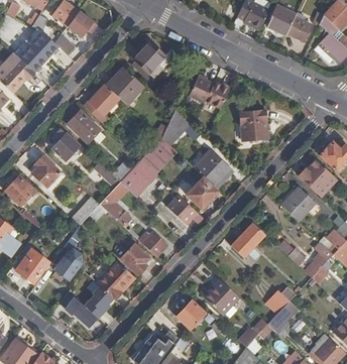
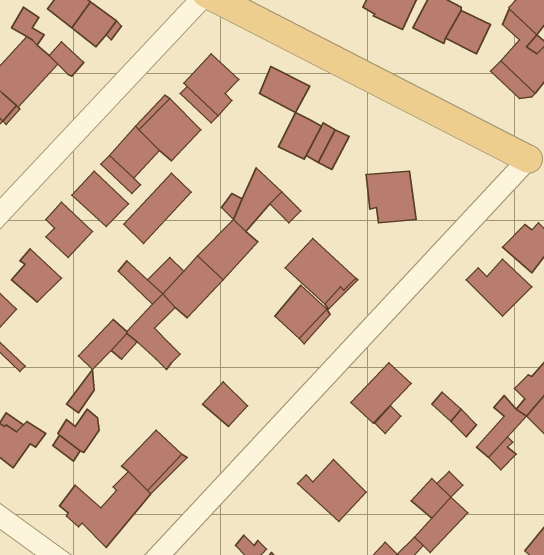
building: none -> [259,67,310,112]
building: none -> [124,173,191,243]
building: [280,188,315,221] -> none
building: [166,195,197,224] -> none
building: [119,243,149,274] -> none
building: [177,299,206,329] -> none

